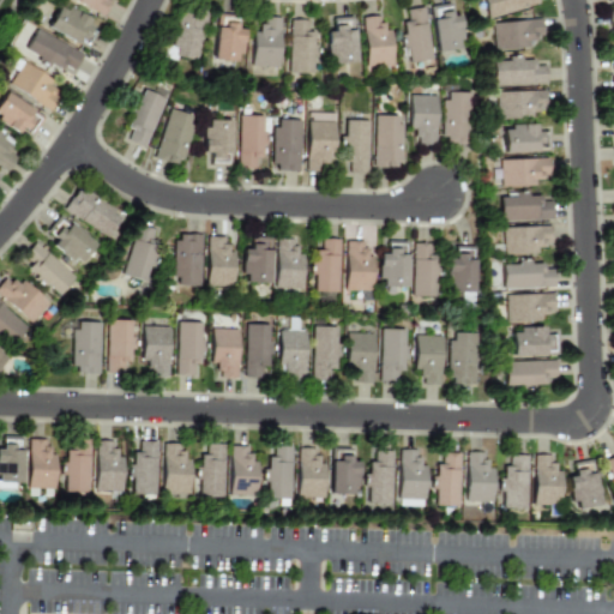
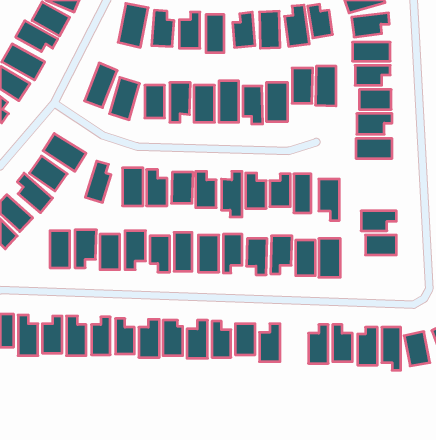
building: [505,227,555,254] -> none
building: [505,260,558,288] -> none
building: [506,361,560,389] -> none
building: [401,451,429,506] -> none

